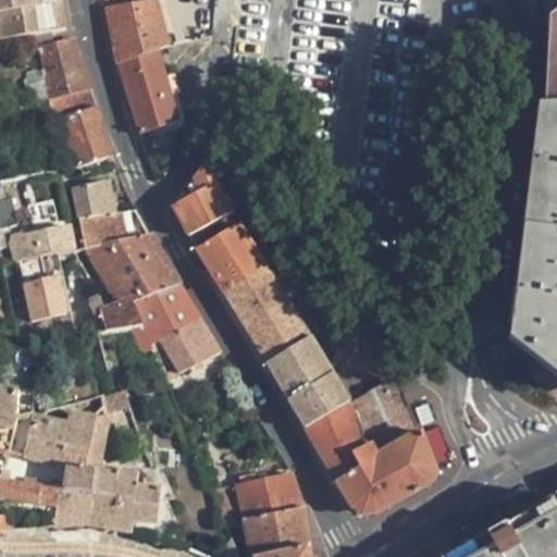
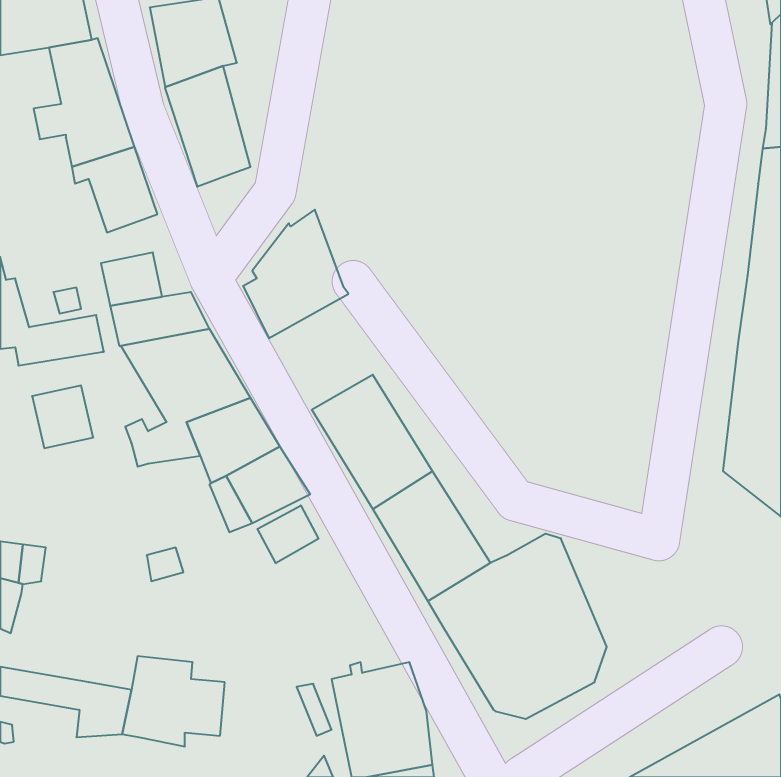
building: [196,222,265,292] -> none
building: none -> [257,505,318,563]
building: [26,410,108,491] -> none

